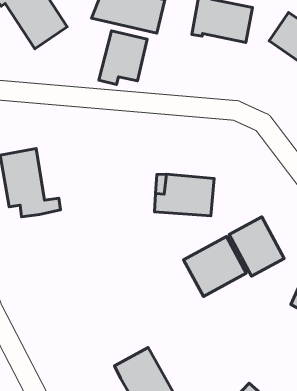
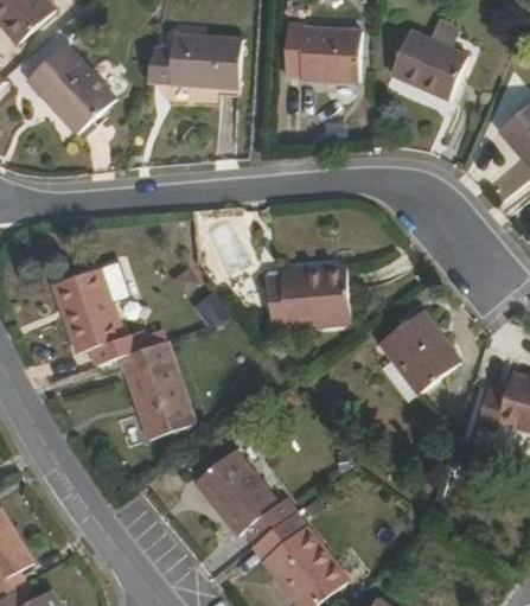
building: [99,31,147,84] -> none
building: none -> [119,339,196,438]
building: [184,237,246,296] -> none
building: none -> [193,448,296,543]

